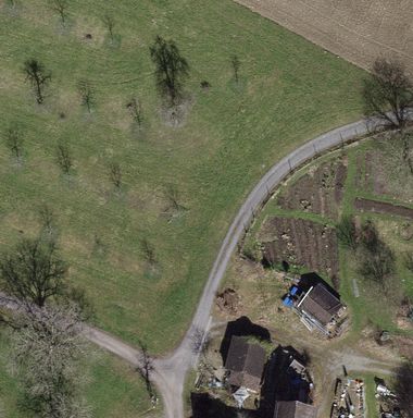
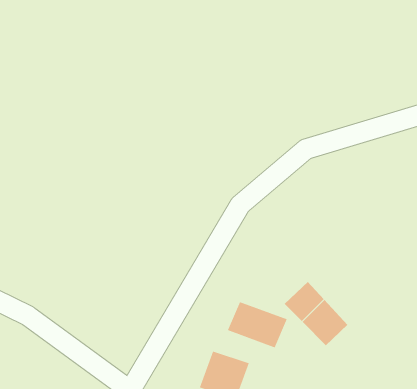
building: none -> [227,301,288,349]

